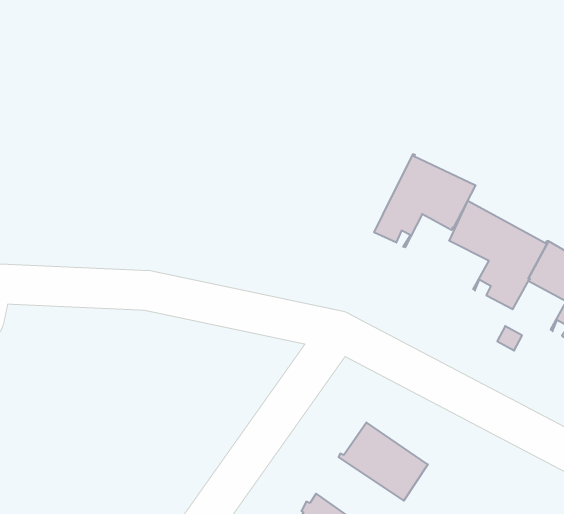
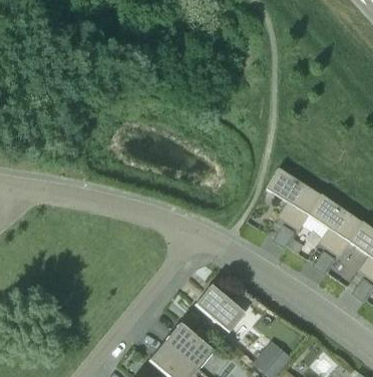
building: [374,154,476,247] -> none

